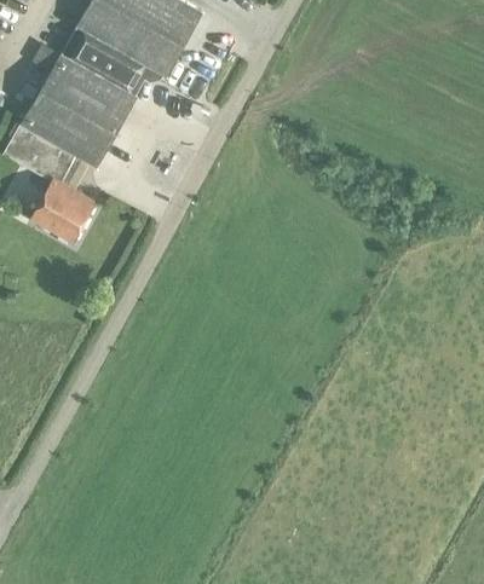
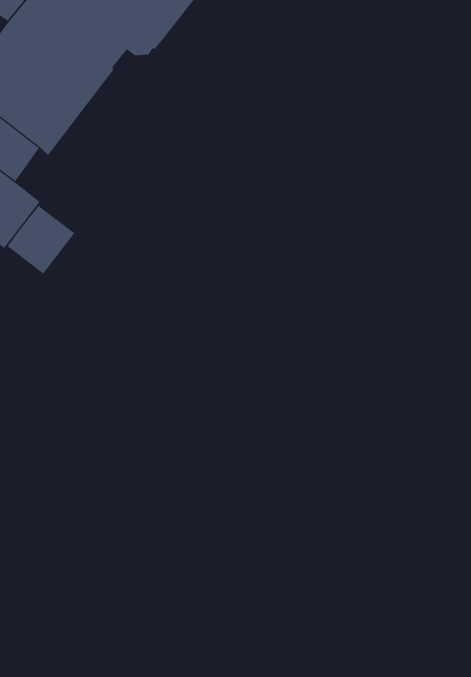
building: none -> [7,205,75,275]

